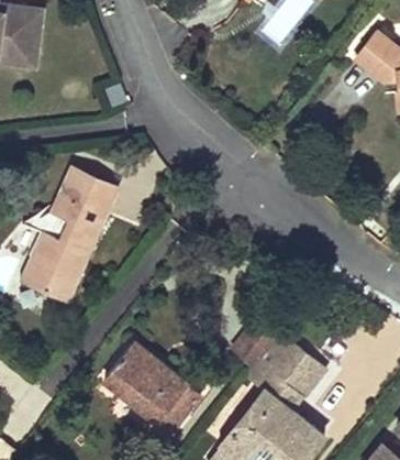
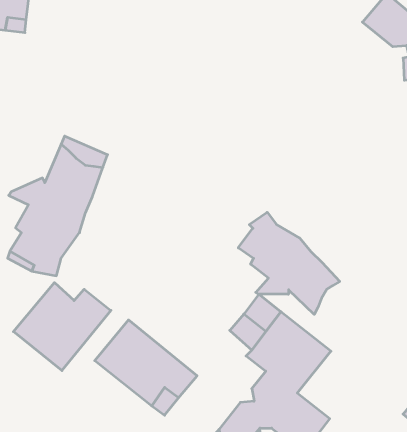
building: none -> [238,212,340,314]
building: none -> [13,283,111,371]

